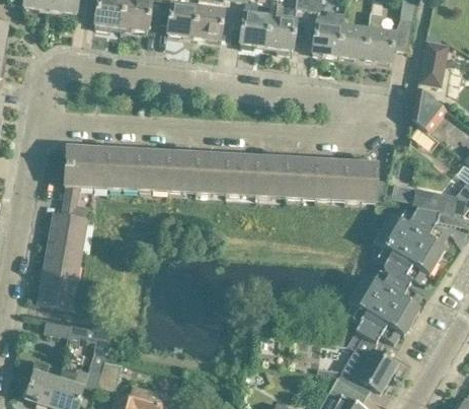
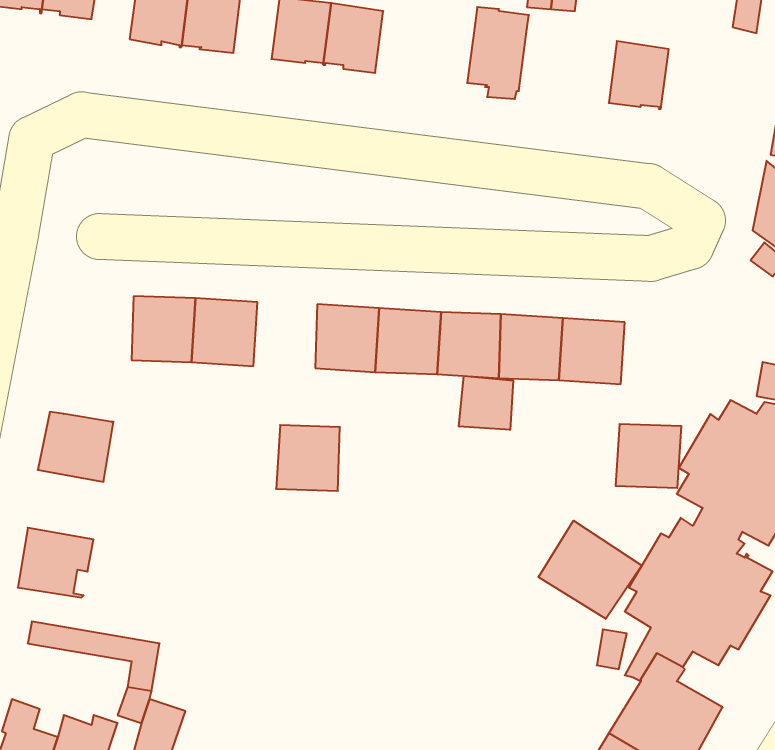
building: [240,11,270,46] -> none
building: [365,12,395,63] -> none
building: [312,21,342,56] -> none
building: [62,147,97,218] -> none
building: [158,157,190,191] -> [276,425,340,491]
building: [344,167,378,200] -> [616,424,681,488]
building: none -> [459,376,513,430]
building: [44,243,82,278] -> none
building: none -> [538,521,642,619]

